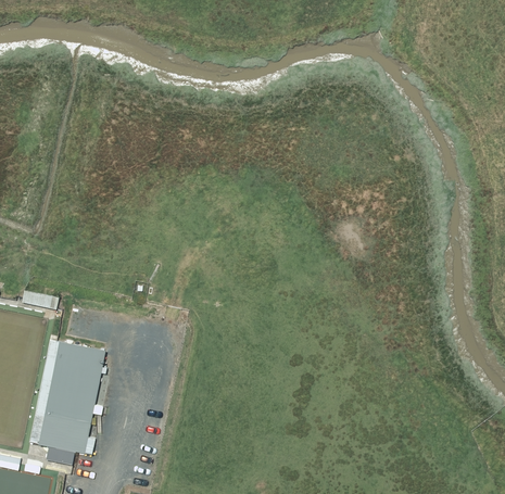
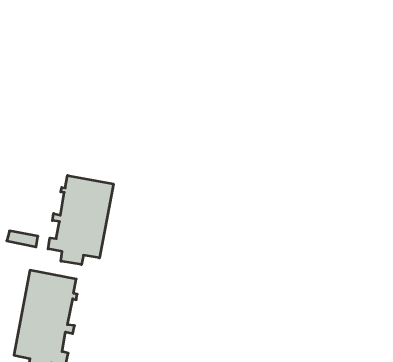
building: none -> [48,175,113,265]

